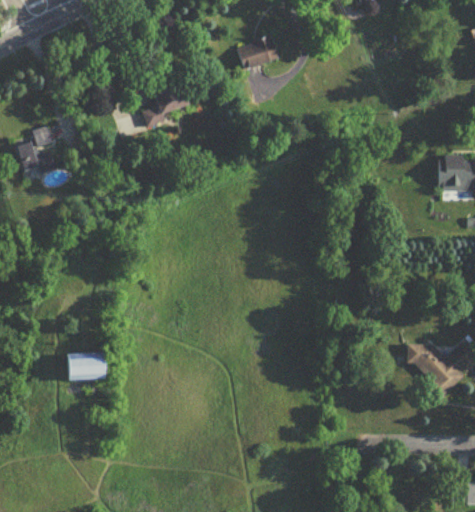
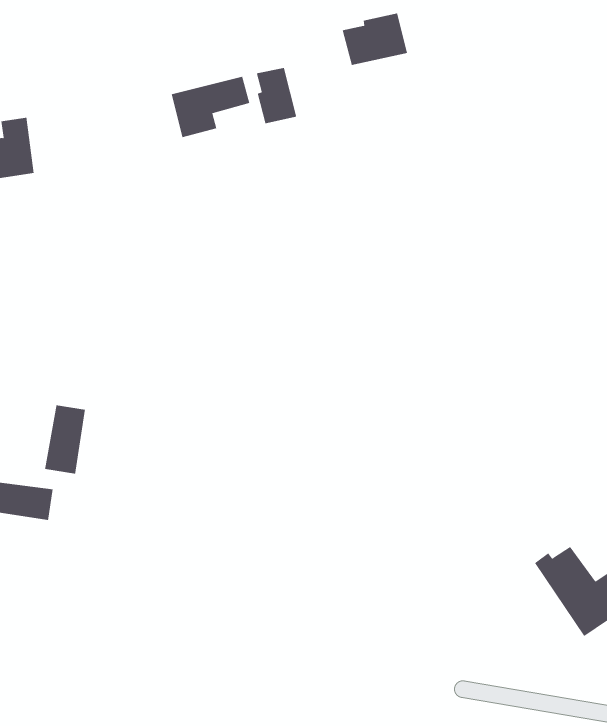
building: none -> [256,67,297,124]
building: none -> [44,405,86,474]

